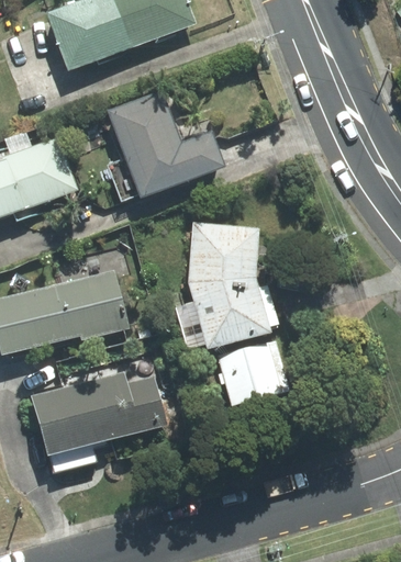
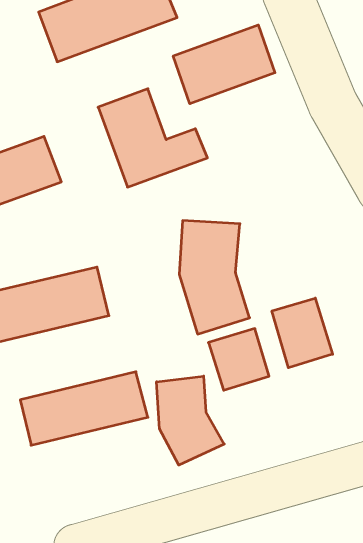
building: none -> [173,25,275,104]
building: none -> [272,298,333,368]
building: none -> [157,376,224,465]

